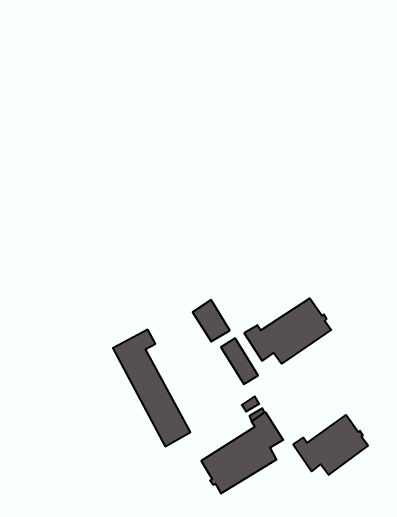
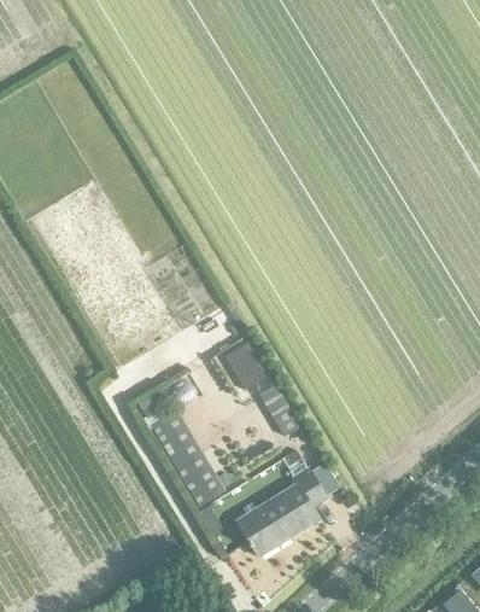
building: [245,298,331,364] -> none
building: [293,415,368,475] -> none

